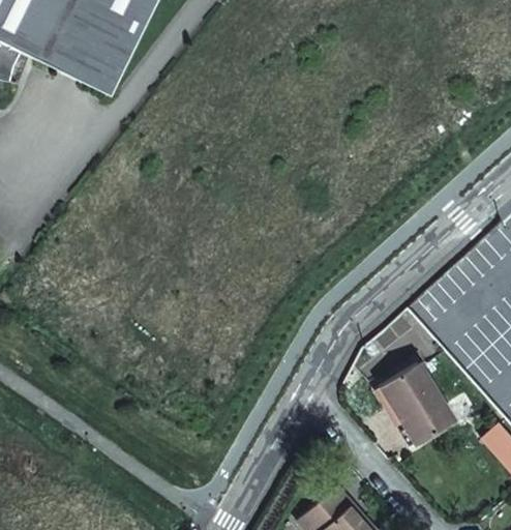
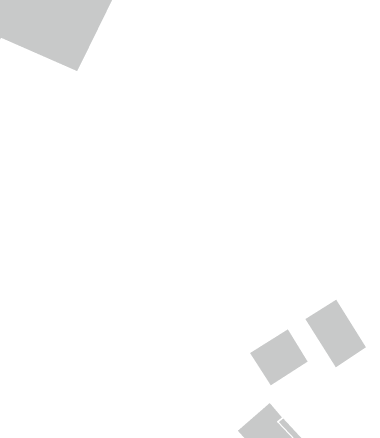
building: none -> [249,328,309,386]

